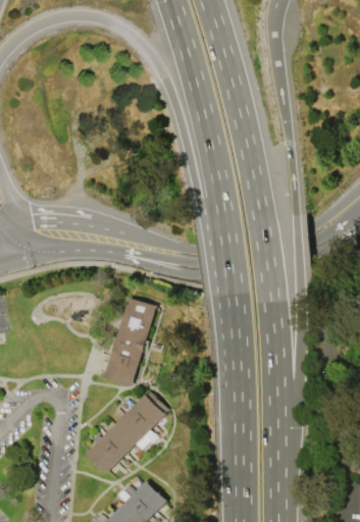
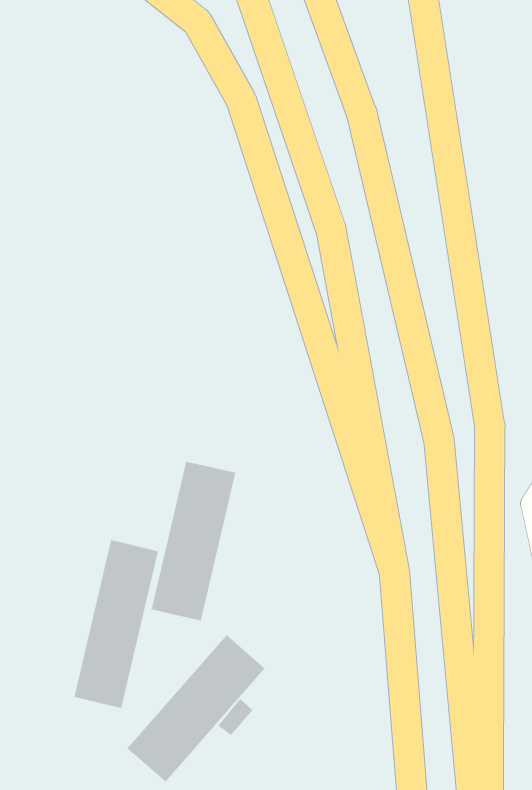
building: none -> [74,539,158,709]

